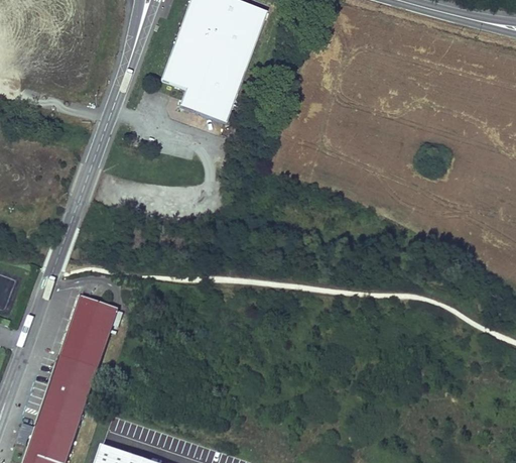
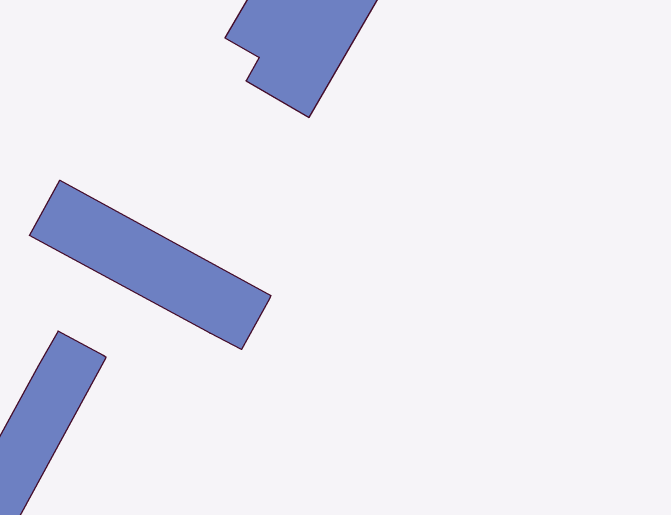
building: none -> [29,180,271,349]

